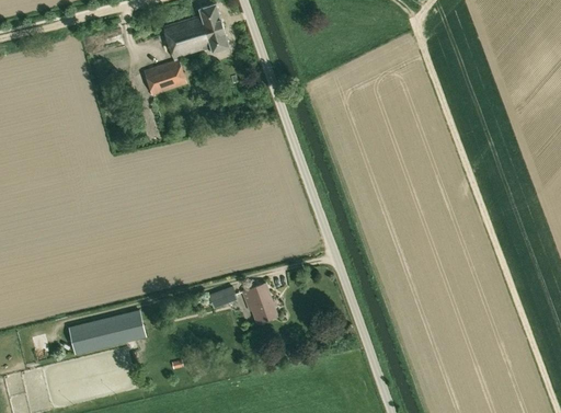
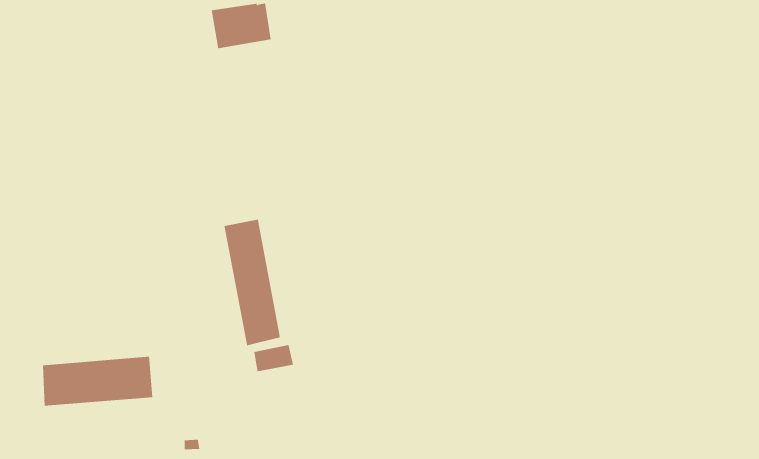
building: none -> [224,219,281,346]
building: [242,284,276,322] -> none

